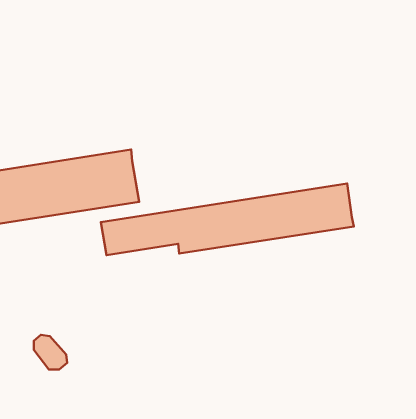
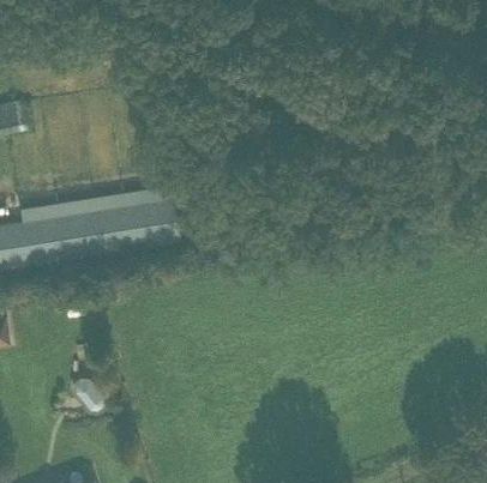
building: [101,184,354,255] -> none

